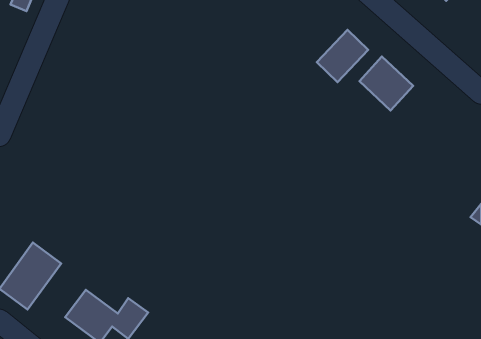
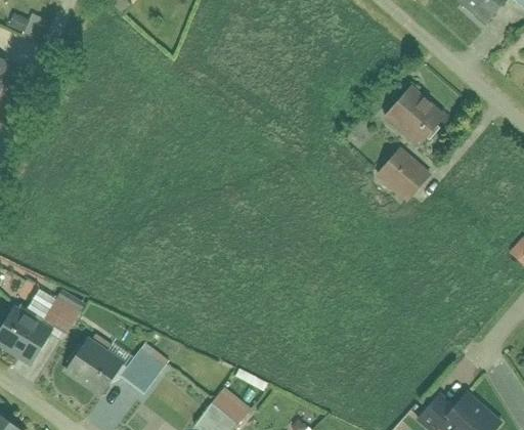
building: [317,30,368,82] -> none
building: none -> [375,148,425,197]

